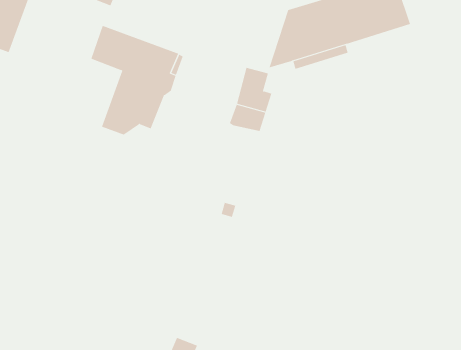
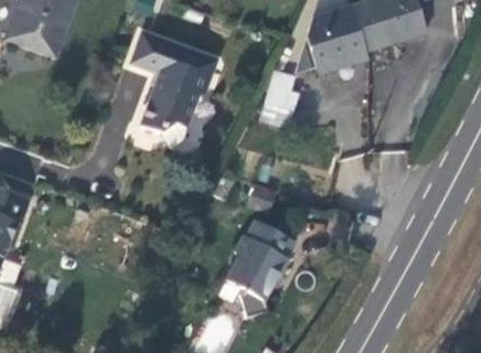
building: none -> [226,218,295,317]

